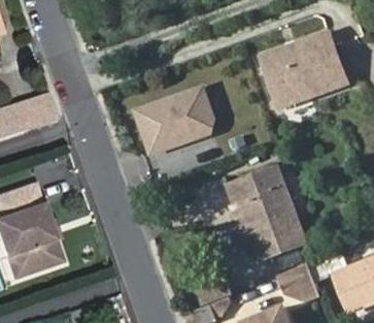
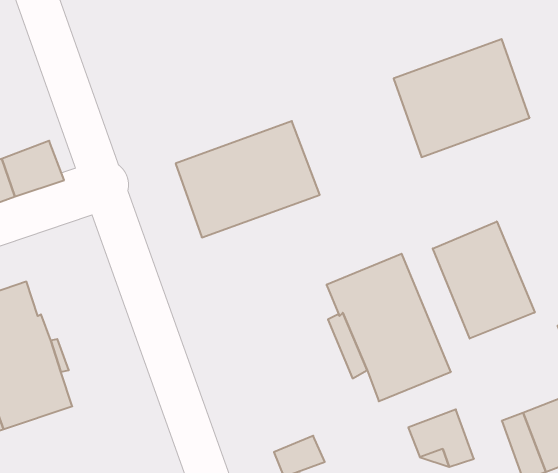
building: none -> [433,221,535,339]

